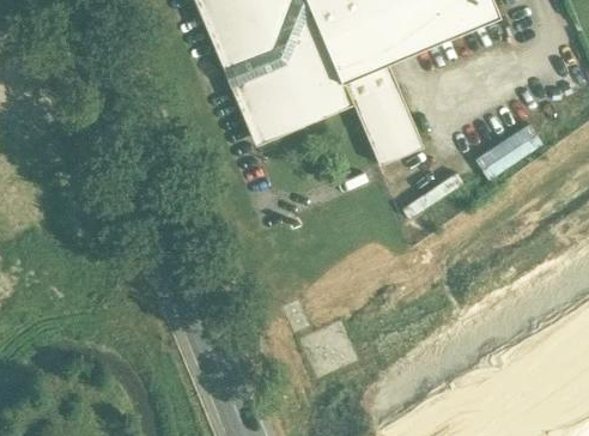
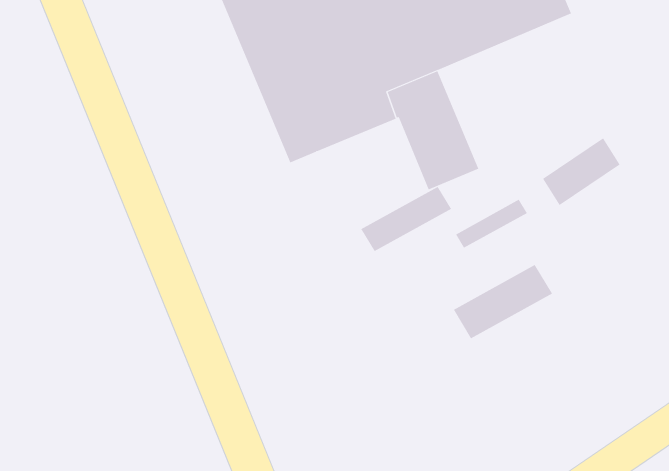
building: none -> [361,186,452,252]
building: none -> [453,264,553,339]

